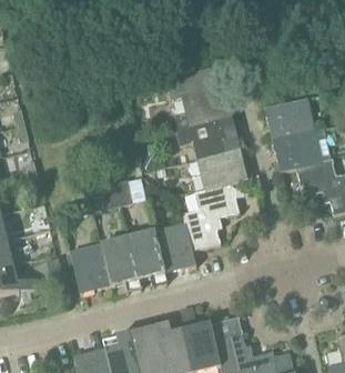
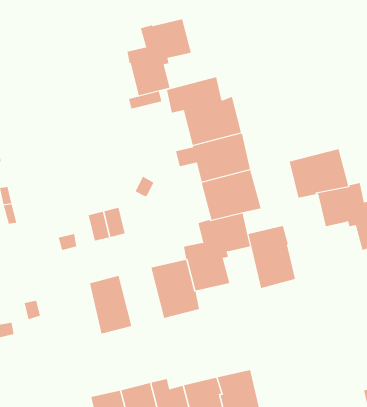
building: none -> [127,19,192,96]
building: [264,98,315,140] -> none
building: none -> [248,225,295,289]
building: [128,230,165,280] -> none
building: [70,243,112,294] -> none

